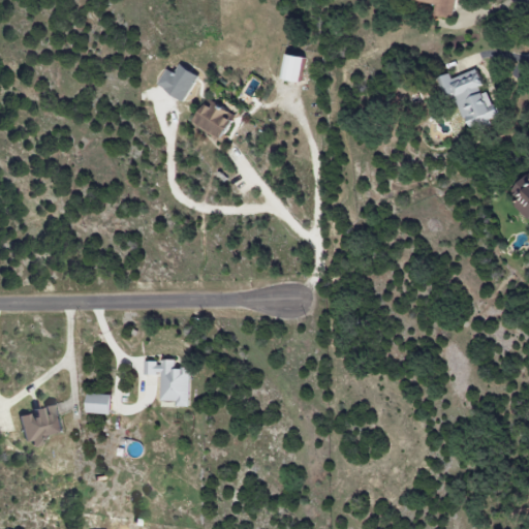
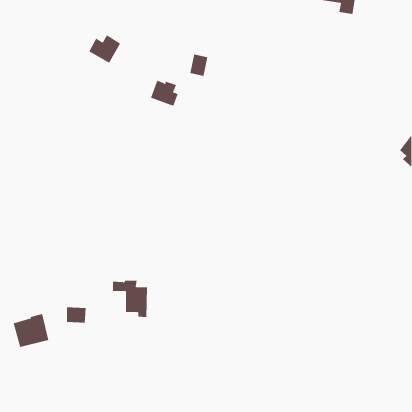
building: [279,54,303,83] -> [190,54,208,76]
building: [156,64,197,101] -> [89,35,121,64]
building: [438,68,497,125] -> none

